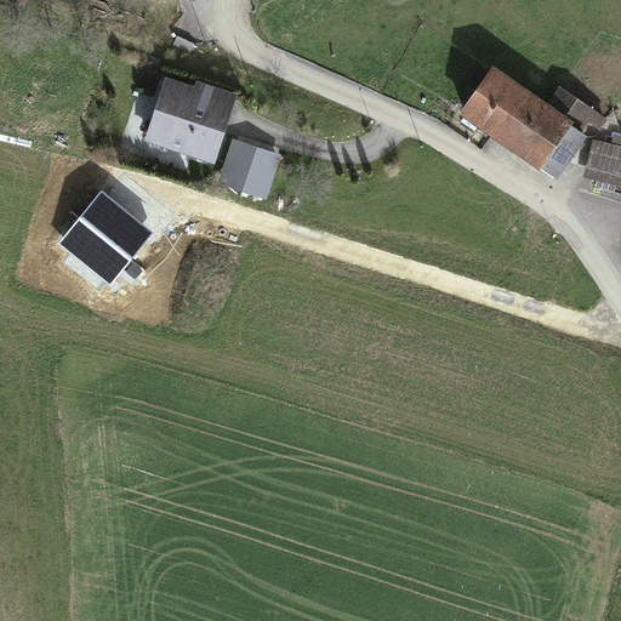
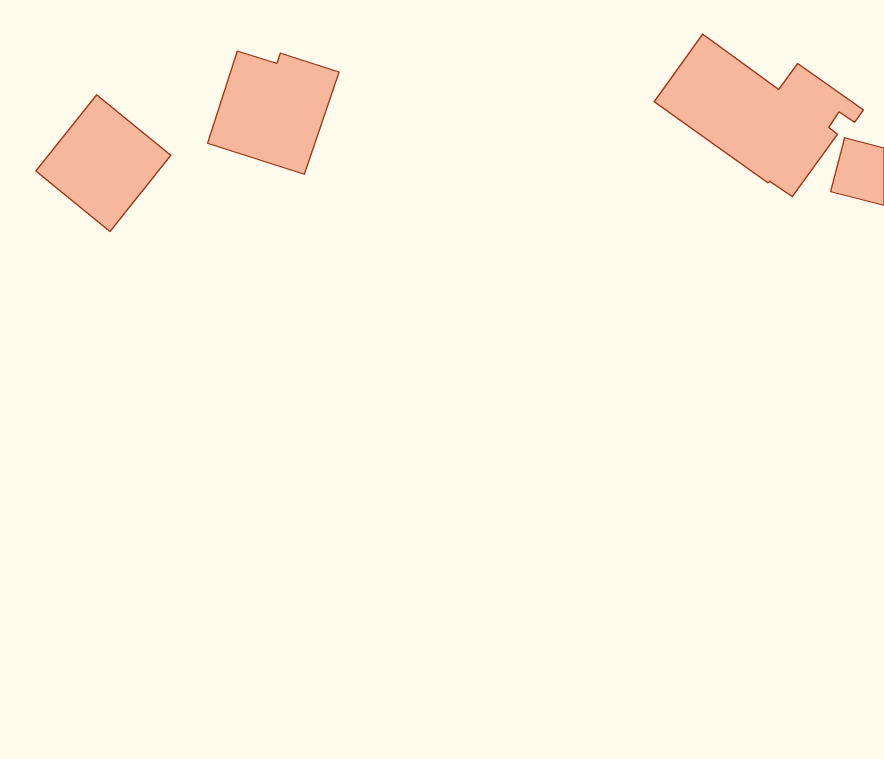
building: [216,138,280,200] -> none
building: [58,189,153,285] -> [36,95,171,231]

